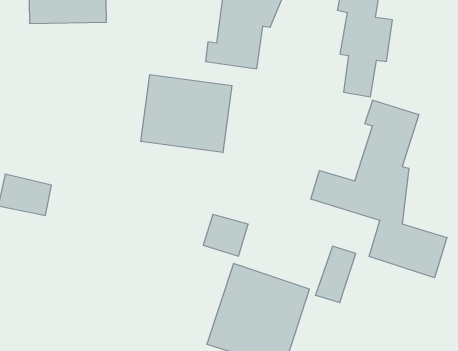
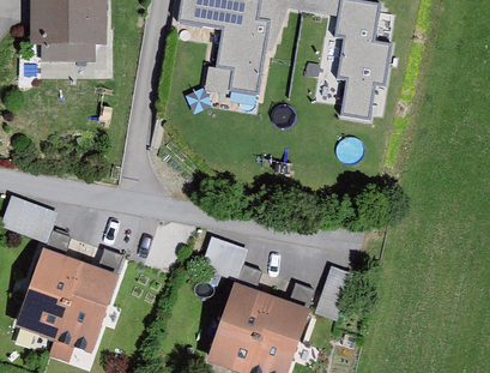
building: [141,75,232,153] -> none
building: [311,100,447,278] -> none
building: none -> [16,247,115,350]

